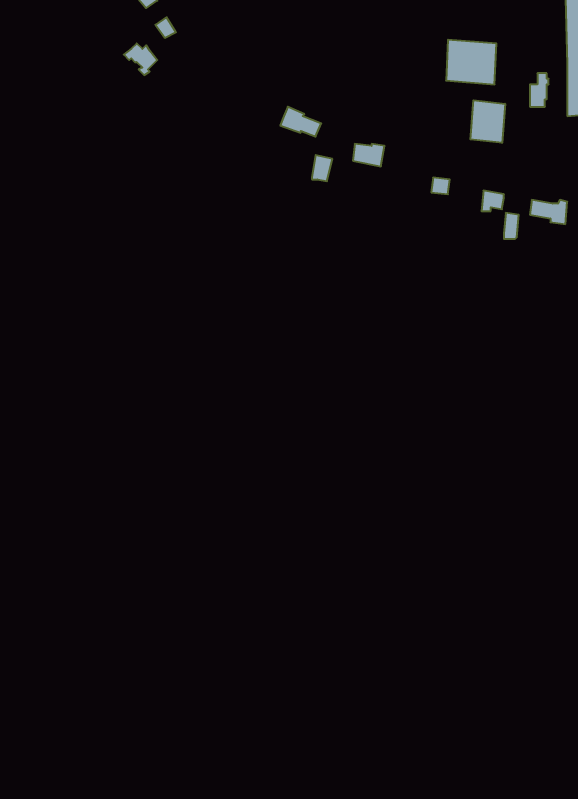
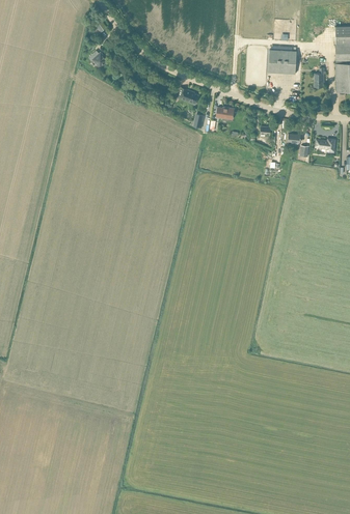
building: [470,100,505,143] -> none

